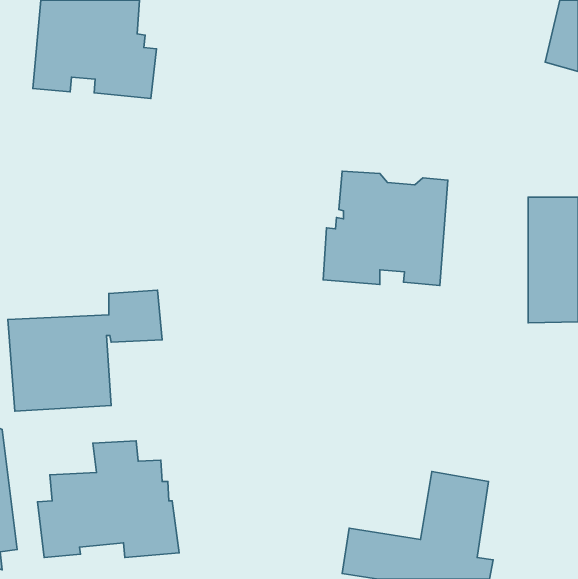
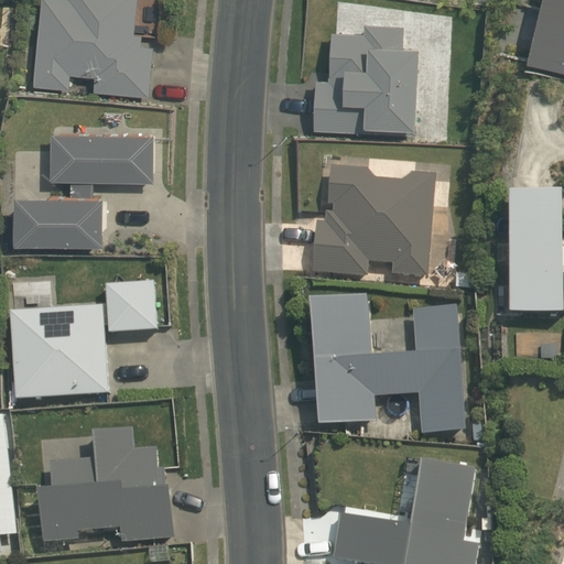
building: none -> [313,22,417,134]
building: none -> [12,129,154,242]
building: none -> [306,295,466,434]

